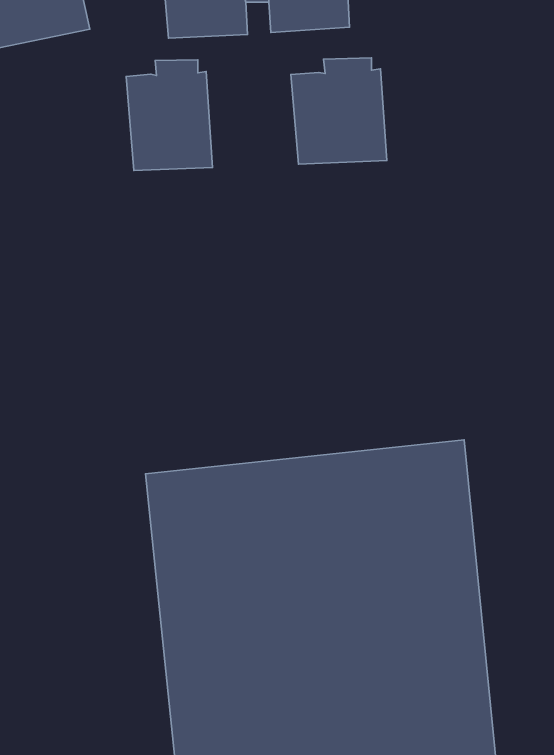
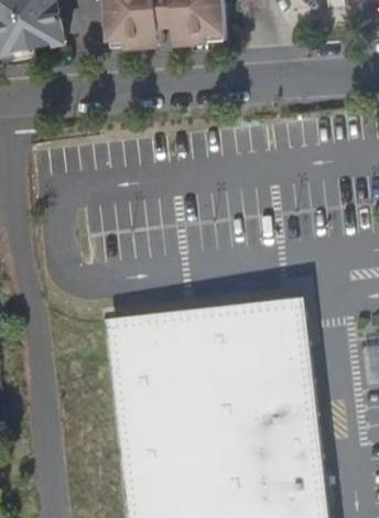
building: [291,58,387,164] -> none
building: [126,60,213,170] -> none

